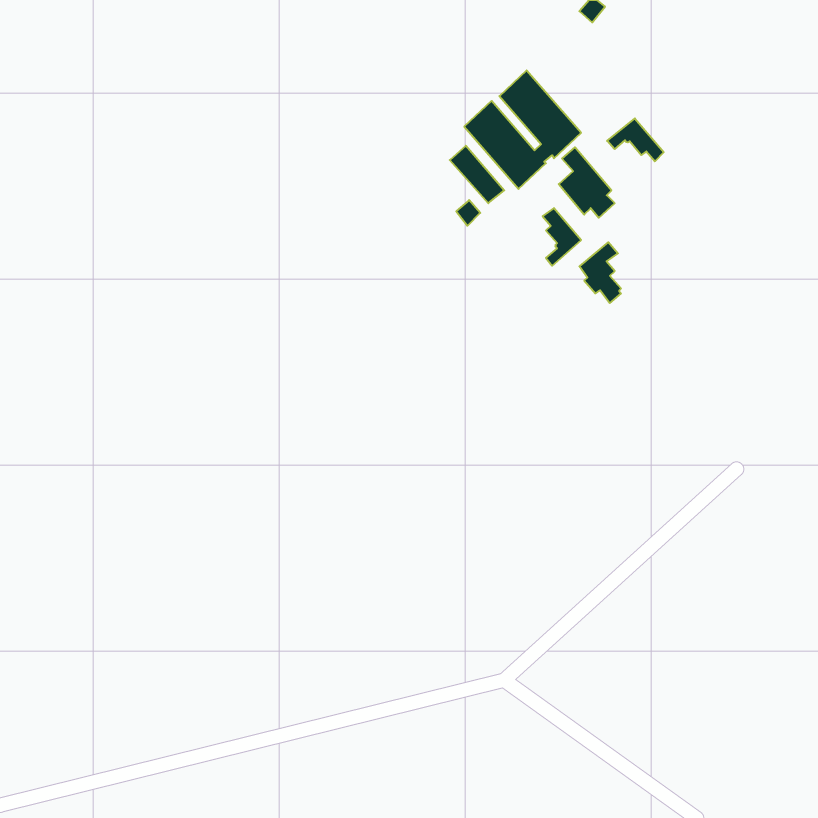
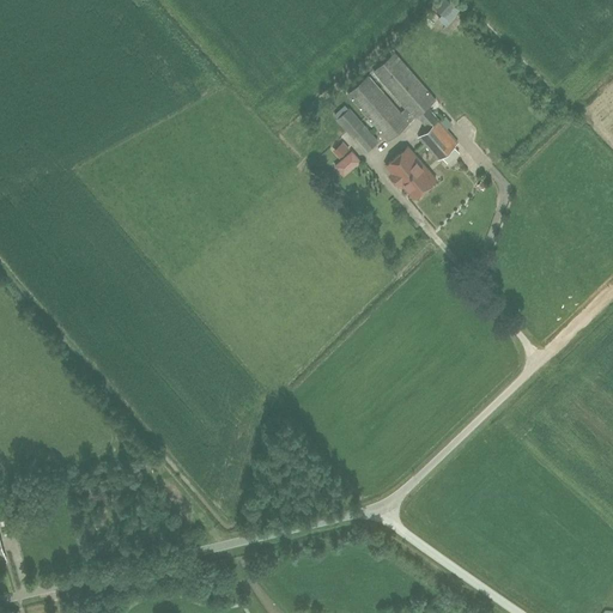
building: [607,118,664,161] -> none
building: [579,242,621,303] -> [386,147,417,193]

